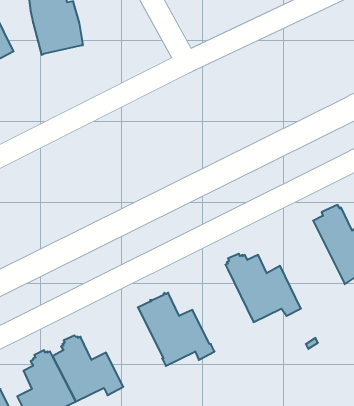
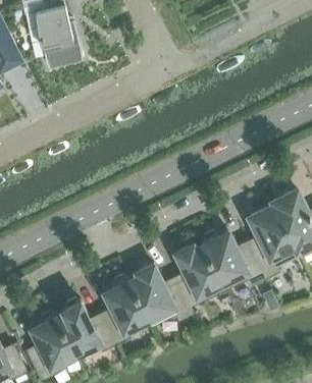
building: none -> [246,204,300,277]
building: none -> [172,244,223,307]
building: none -> [100,275,148,342]

